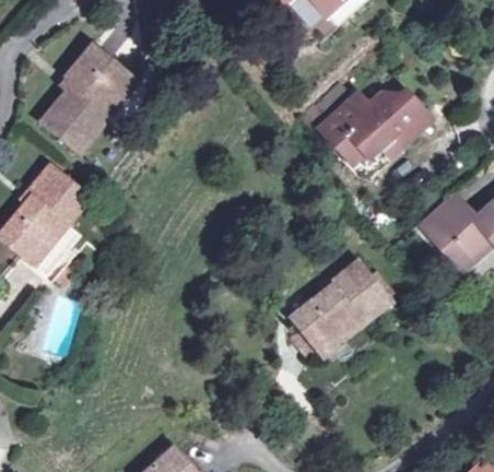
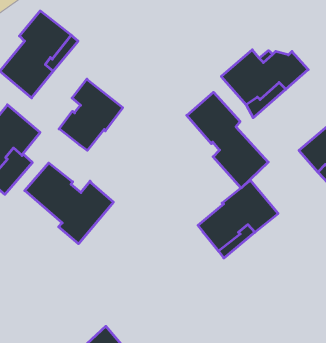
building: none -> [59,79,123,150]
building: none -> [187,92,268,188]
building: none -> [25,163,113,244]

